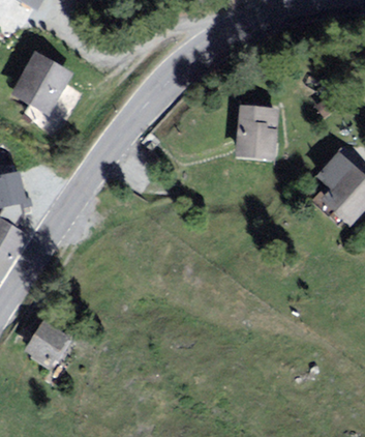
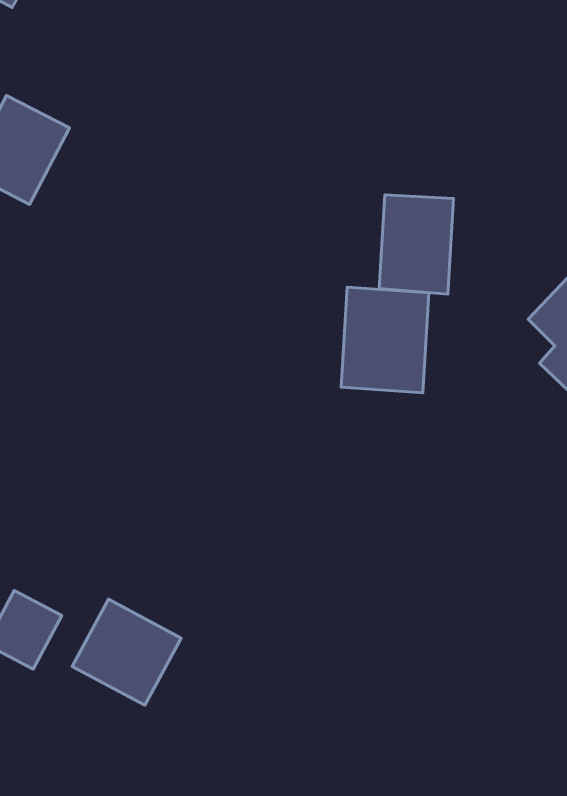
building: none -> [341,287,429,393]
building: none -> [72,599,181,705]

